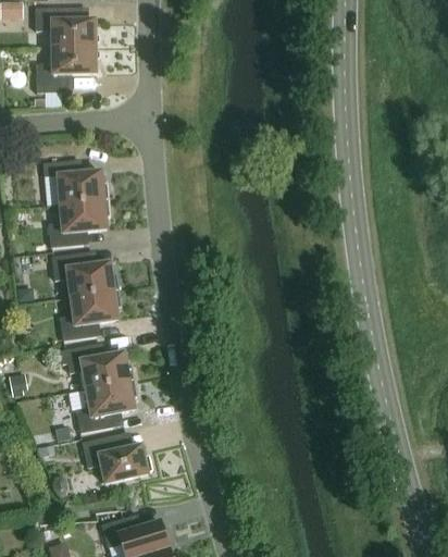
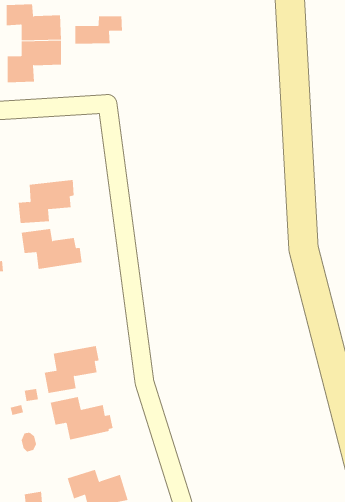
building: none -> [75,16,123,45]
building: [42,160,109,205] -> none
building: [60,289,121,341] -> none
building: [60,344,134,388] -> none

